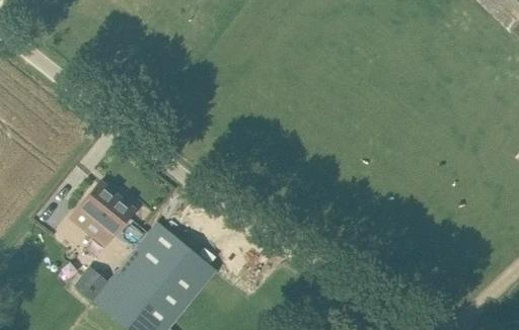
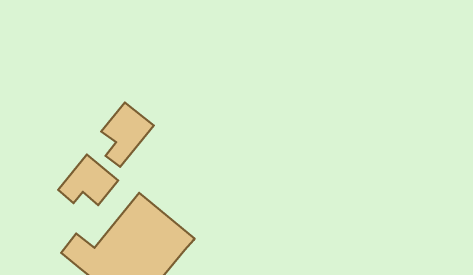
building: none -> [101,102,154,167]

